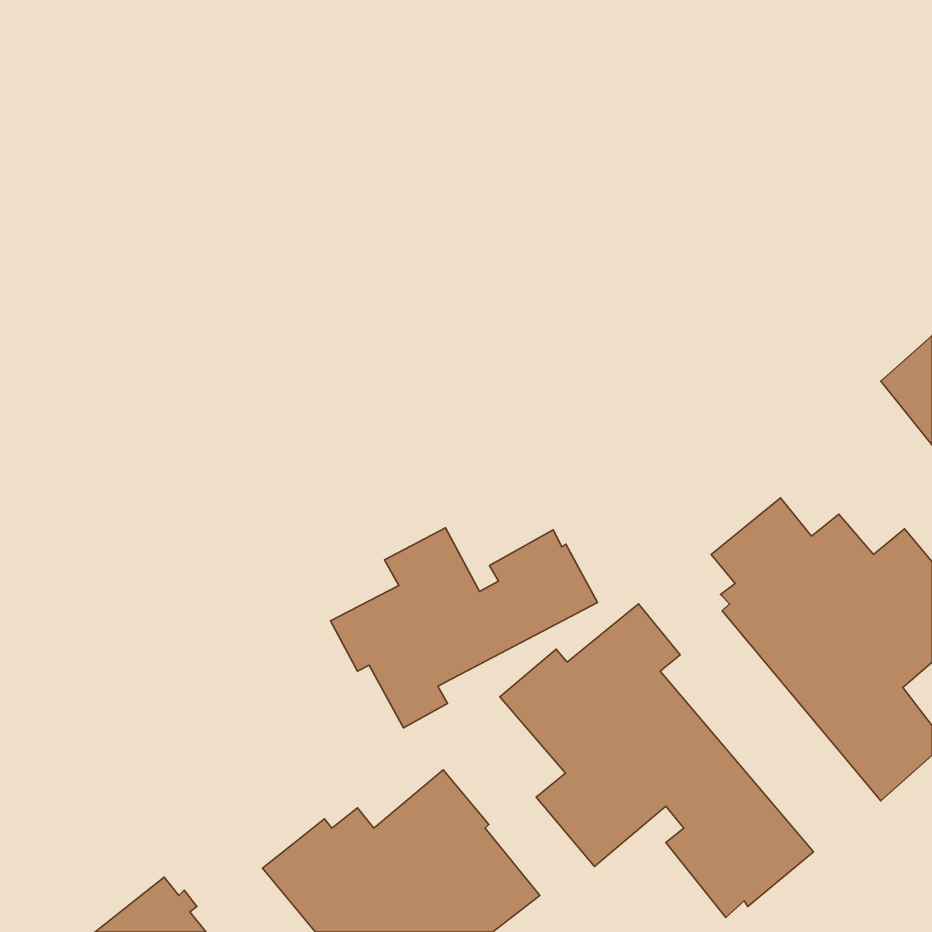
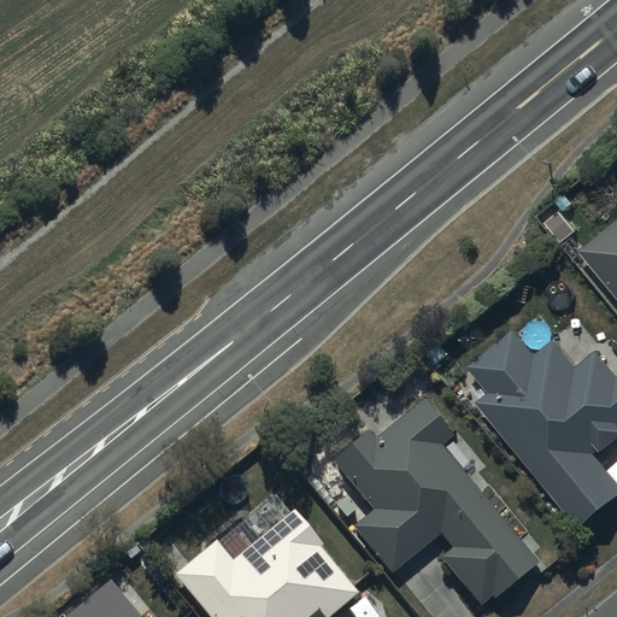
building: [331,528,597,728] -> none

